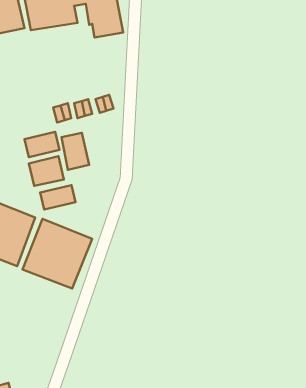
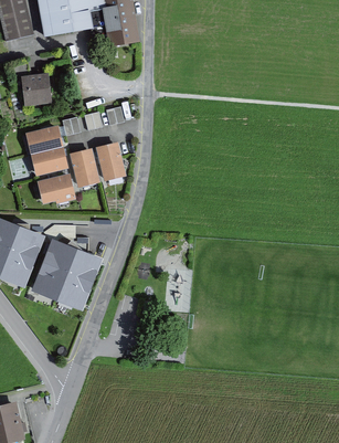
building: none -> [21,74,51,104]
building: none -> [25,123,62,149]
building: none -> [96,140,125,177]
building: [40,185,76,209] -> none

